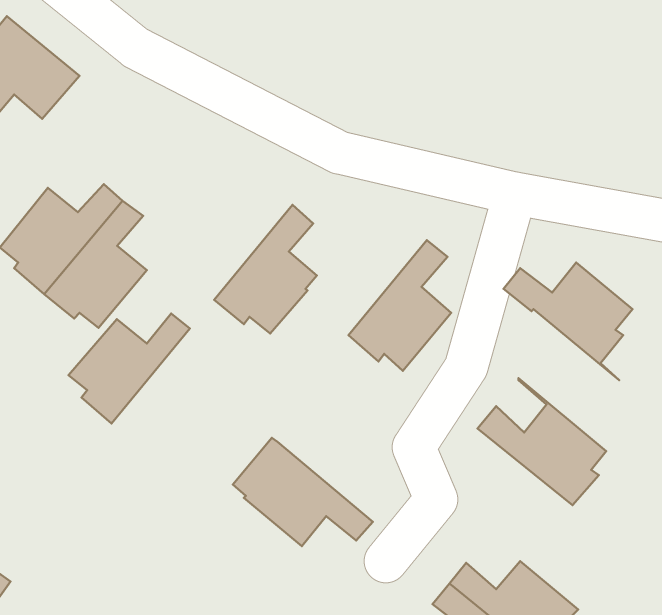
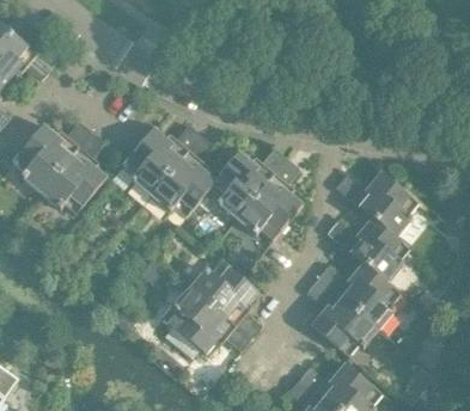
building: none -> [207,148,285,219]
building: none -> [326,202,408,293]
building: [68,314,190,424] -> [121,125,199,196]
building: none -> [189,260,260,338]
building: none -> [306,278,378,356]

